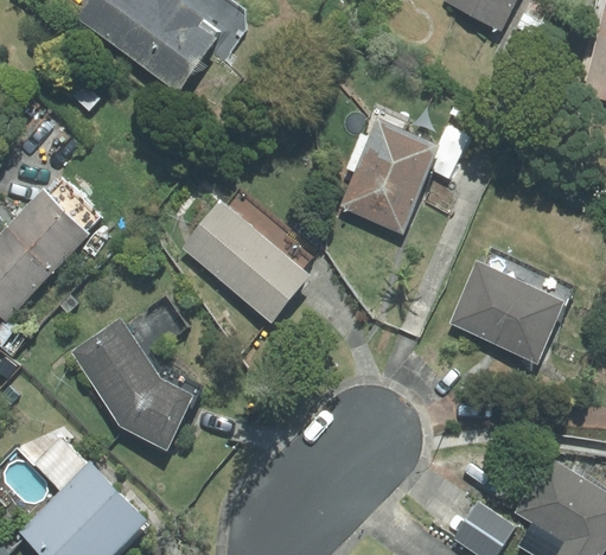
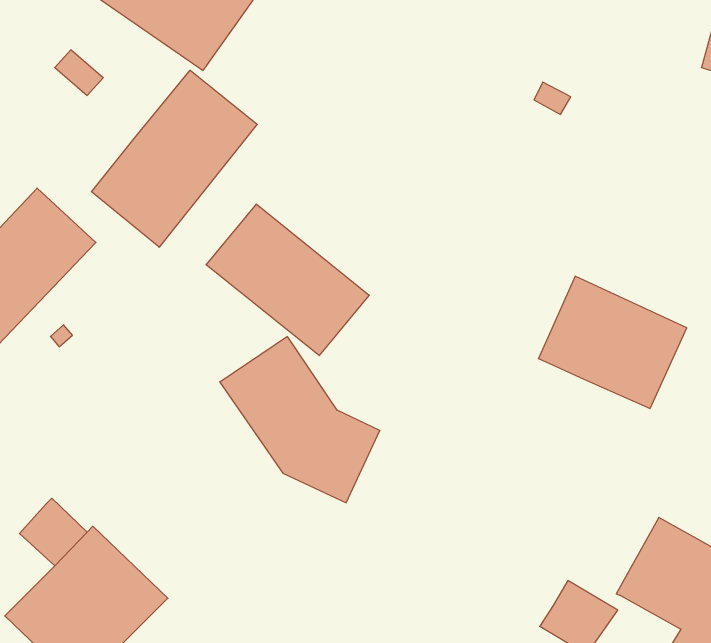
building: none -> [91,70,257,247]
building: [338,114,441,234] -> none
building: [68,315,197,449] -> [220,337,380,503]

